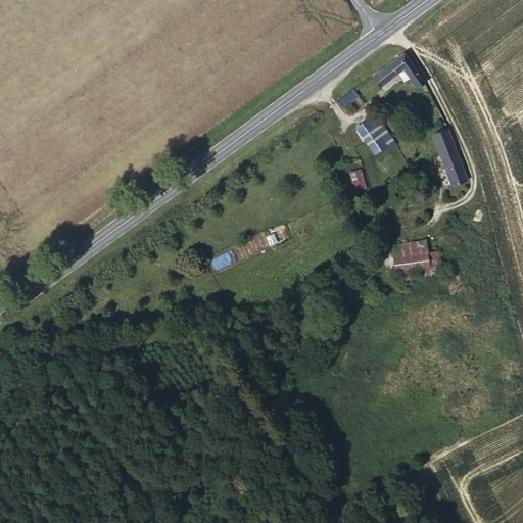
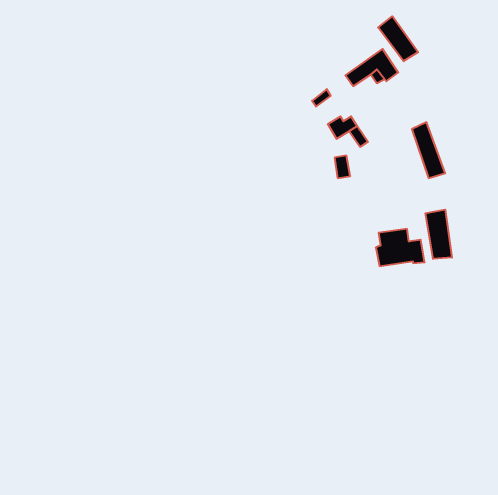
building: none -> [378,16,418,61]
building: none -> [425,210,452,259]

